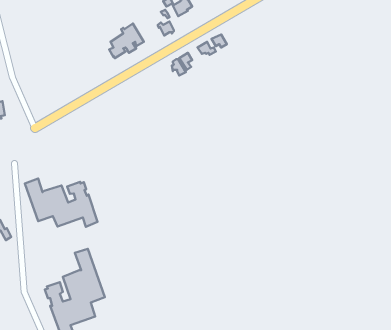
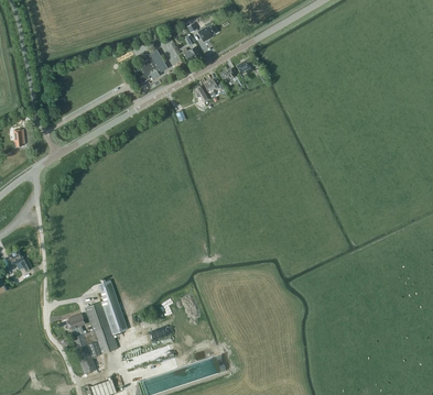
building: [25,179,98,227] -> none

